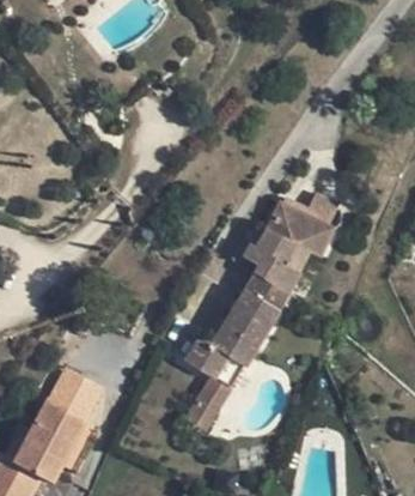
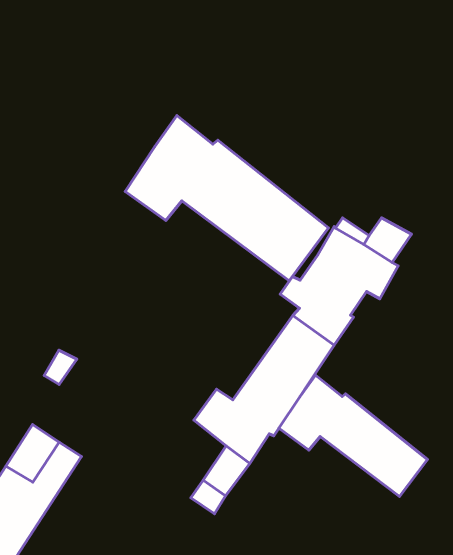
building: none -> [125,115,328,281]
building: none -> [279,375,427,497]

